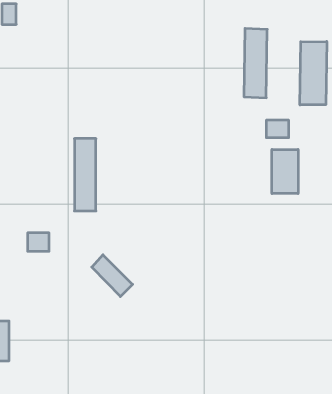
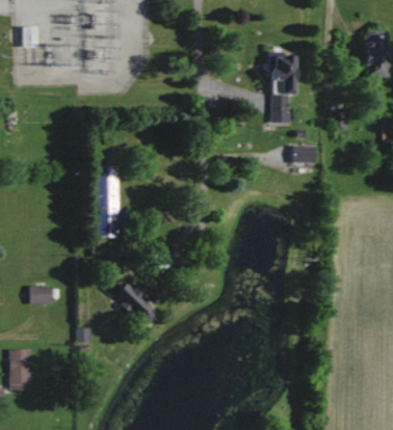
building: [300,41,327,105] -> none
building: [272,149,298,194] -> none
building: [28,233,49,251] -> [31,285,53,303]

